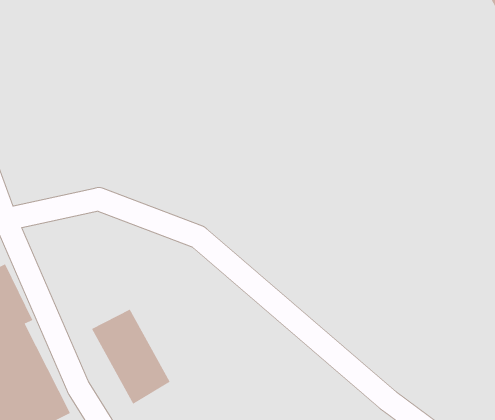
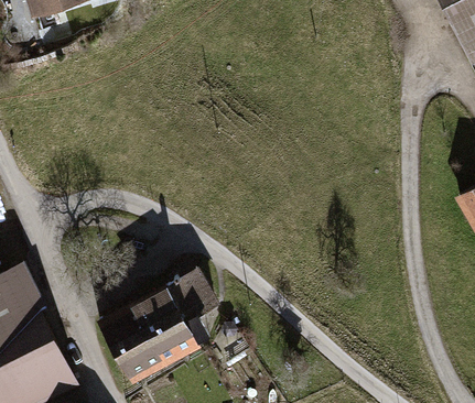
building: none -> [136,263,225,363]

